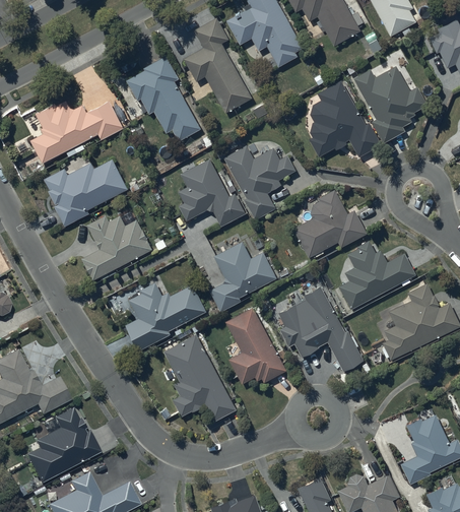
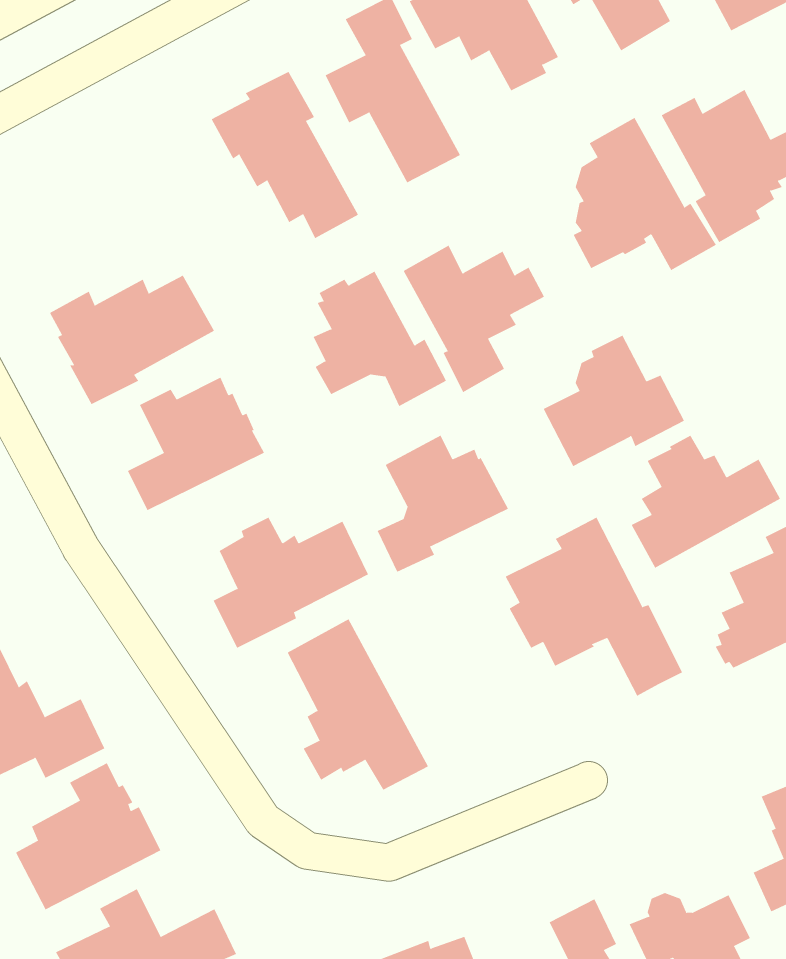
building: [29,101,124,164] -> none
building: [225,308,287,384] -> none

